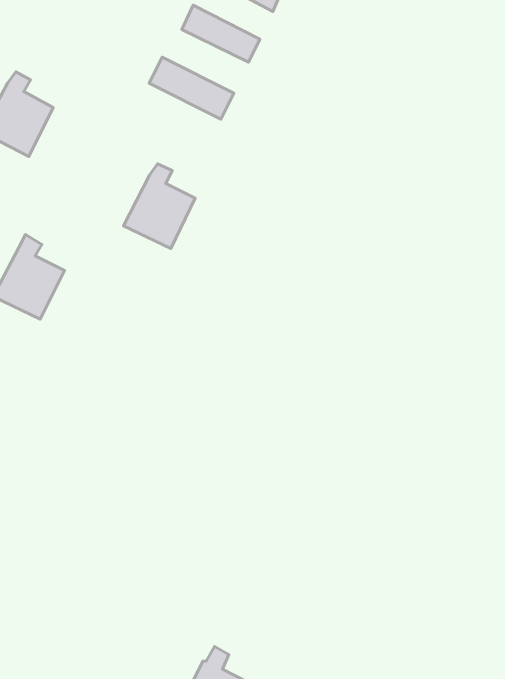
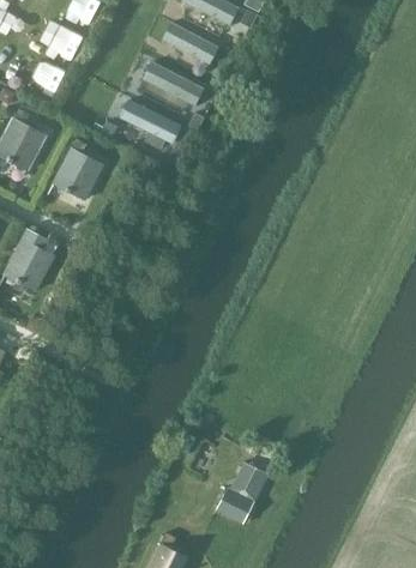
building: [123,164,195,249] -> [52,139,104,201]
building: none -> [217,464,267,525]

